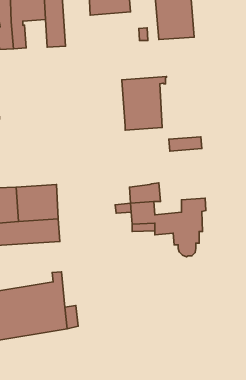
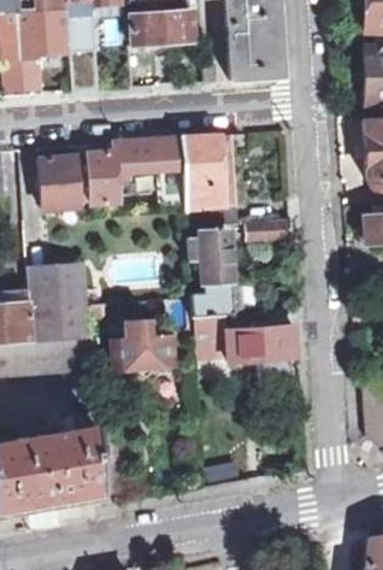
building: none -> [89,139,184,205]
building: none -> [40,157,82,210]
building: none -> [187,228,232,281]
building: none -> [26,264,86,292]
building: none -> [104,318,173,370]

